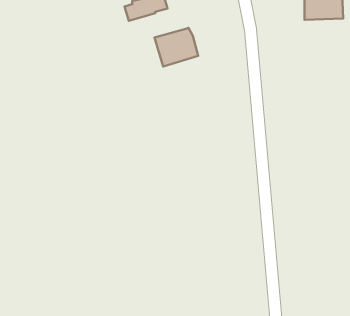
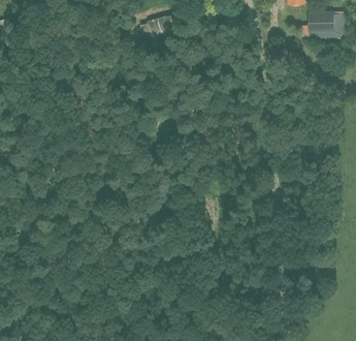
building: [155,28,198,67] -> none

